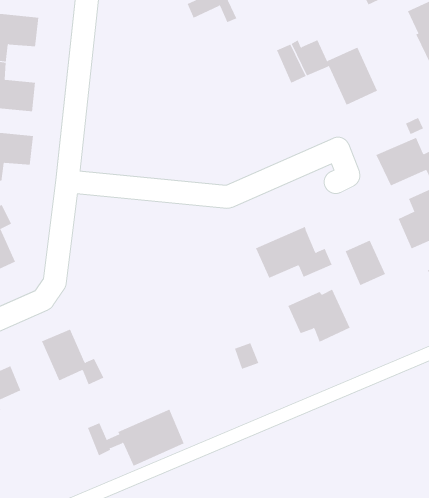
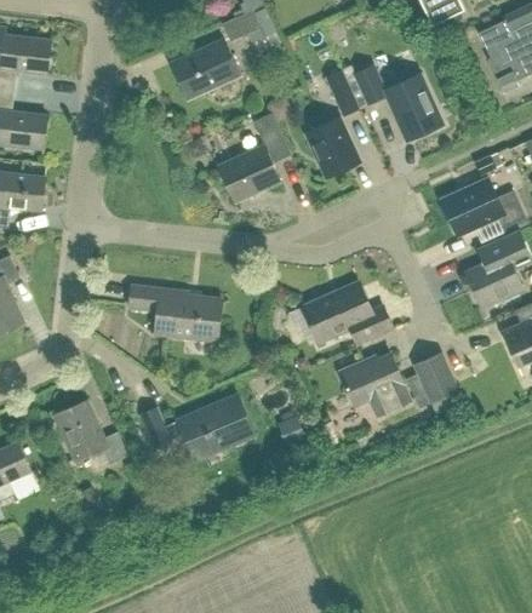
building: none -> [171,40,239,98]
building: none -> [217,111,290,202]
building: none -> [305,119,360,178]
building: none -> [128,285,222,340]
building: [345,240,386,286] -> [412,351,459,405]
building: [87,409,185,467] -> [141,395,253,462]

